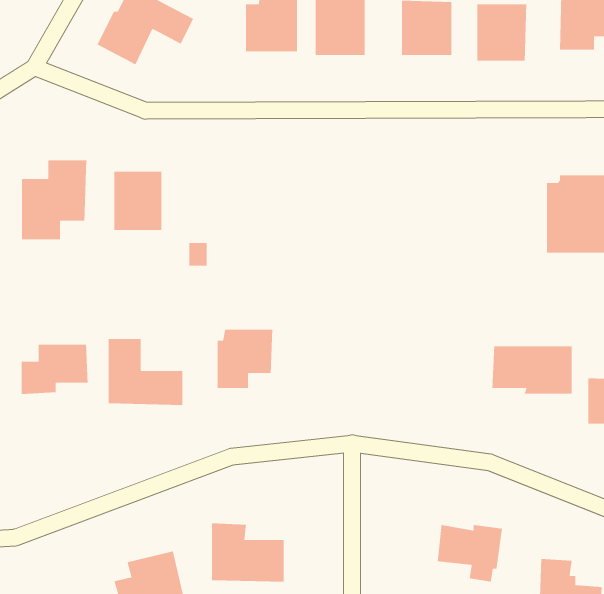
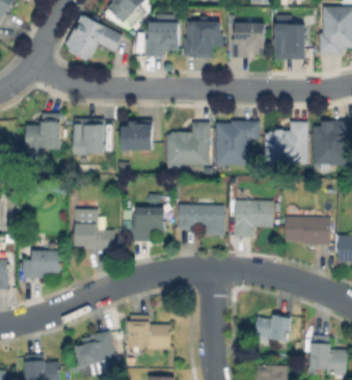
building: none -> [117,119,152,151]
building: none -> [217,121,260,165]
building: none -> [267,121,308,162]
building: none -> [168,123,210,165]
building: none -> [234,199,274,236]
building: none -> [178,203,224,234]
building: [21,344,89,395] -> [23,249,60,277]

